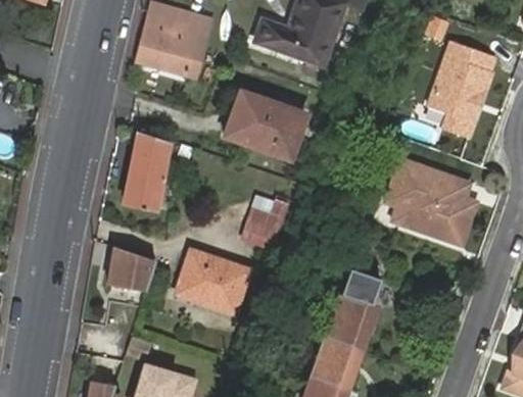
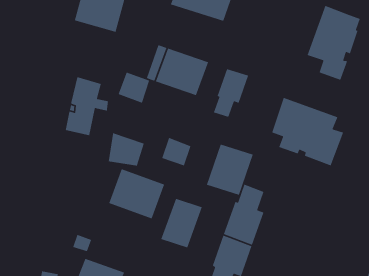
building: none -> [213,68,249,118]
building: none -> [118,71,150,104]
building: none -> [206,143,254,196]
building: [109,245,156,289] -> [108,132,145,167]
building: none -> [160,198,203,249]

